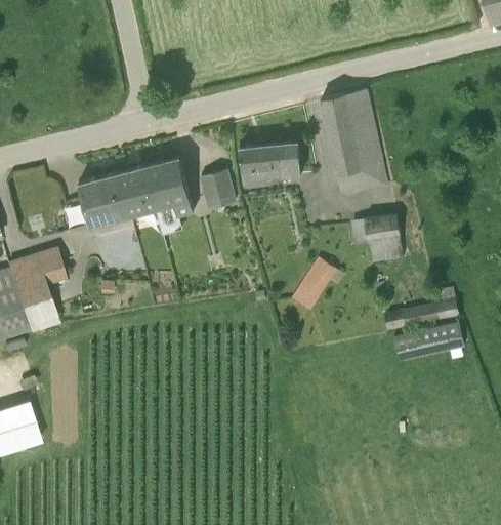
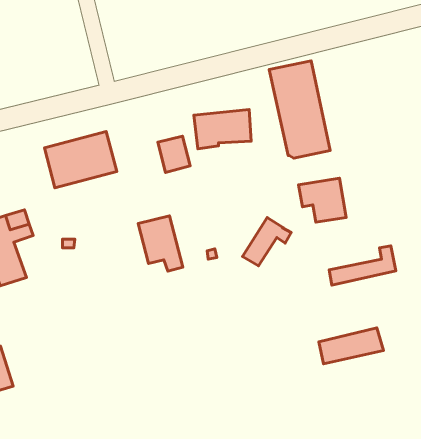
building: [145,157,194,216] -> [138,216,183,271]
building: [395,322,465,361] -> [319,328,384,364]

